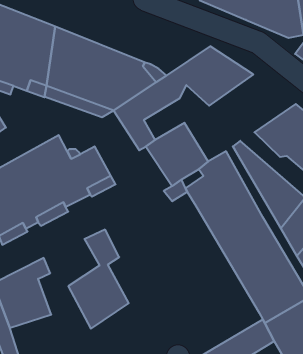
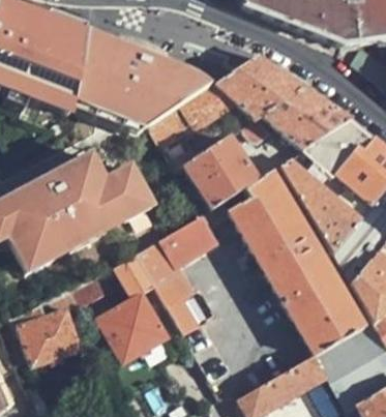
building: none -> [245,85,350,148]
building: none -> [141,216,217,336]

